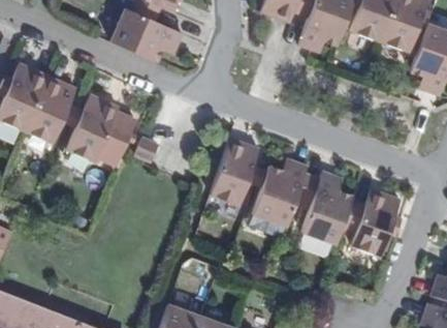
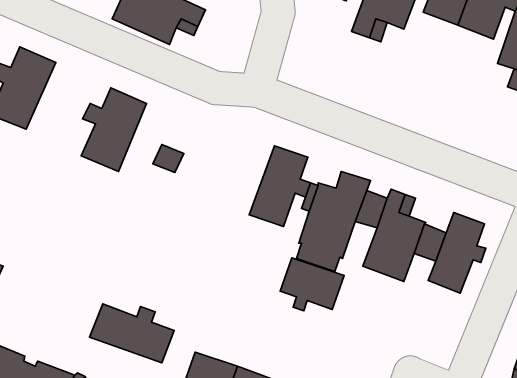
building: [30,70,82,136] -> none
building: none -> [280,258,344,311]
building: none -> [90,304,174,363]

